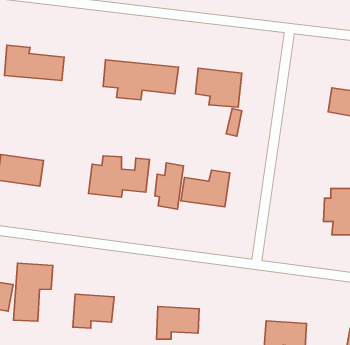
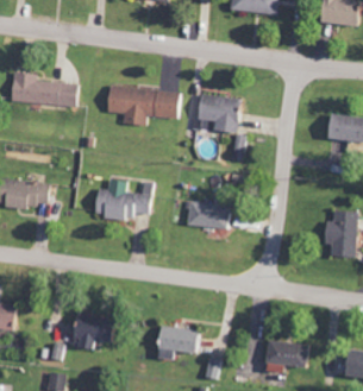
building: [155,163,183,209] -> none
building: [14,263,53,321] -> none

